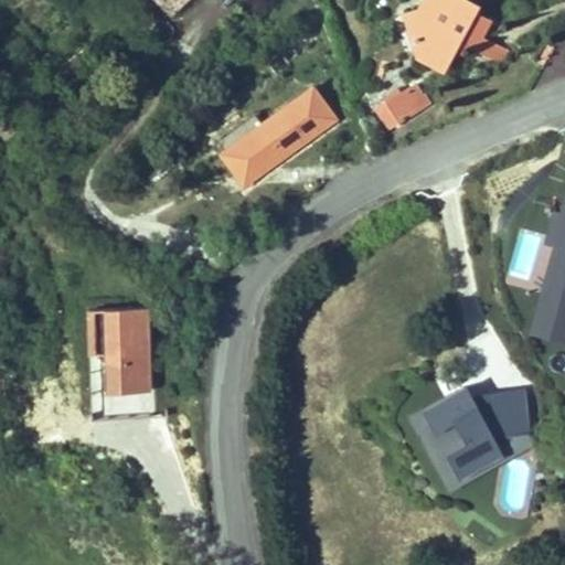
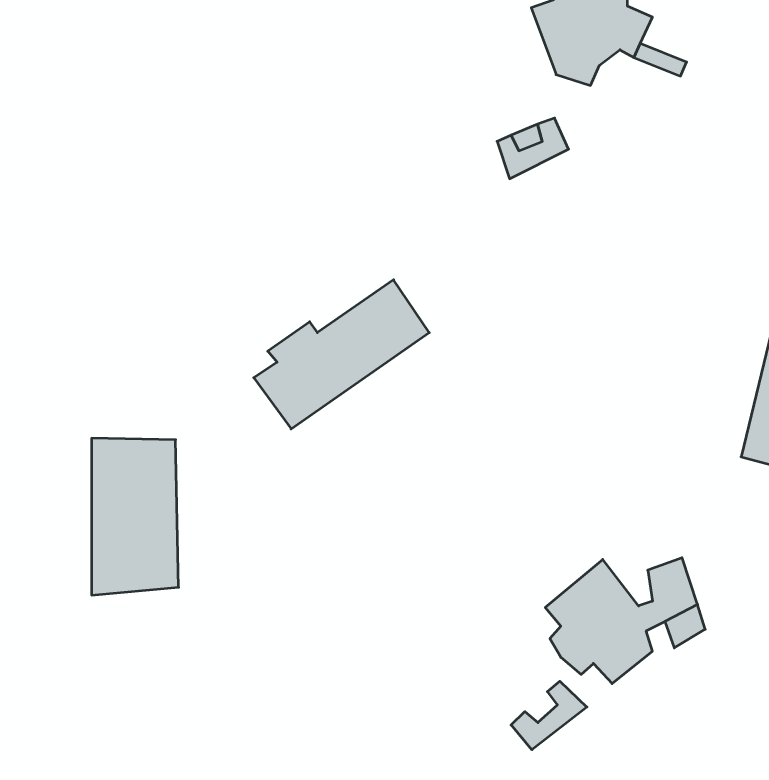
building: [232,74,356,180] -> [254,280,429,429]
building: none -> [511,681,587,750]

